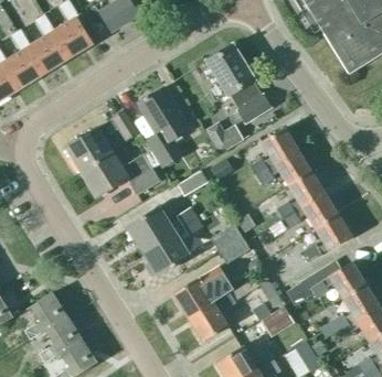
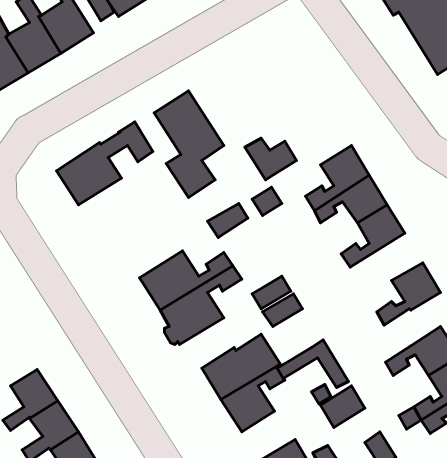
building: [206,44,269,121] -> none
building: [82,151,160,195] -> none
building: [284,192,338,227] -> none

